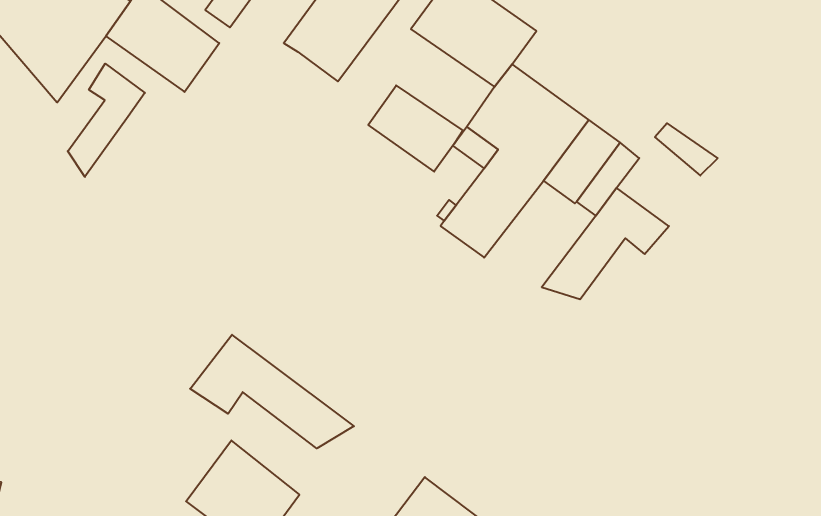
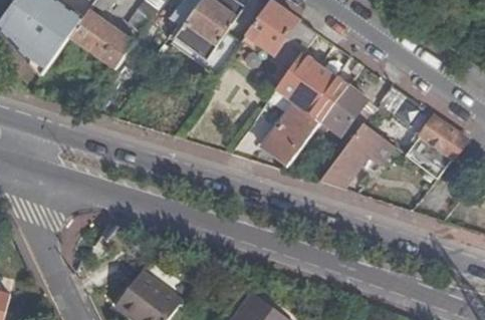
building: [68,64,145,177] -> none
building: [368,85,463,172] -> none
building: none -> [404,116,467,179]
building: [190,335,354,448] -> none

